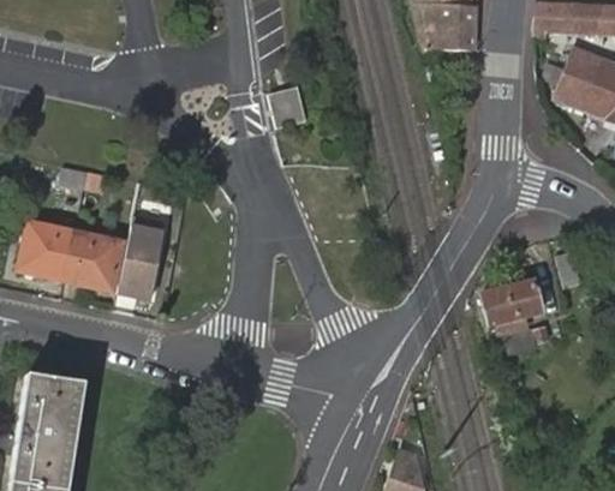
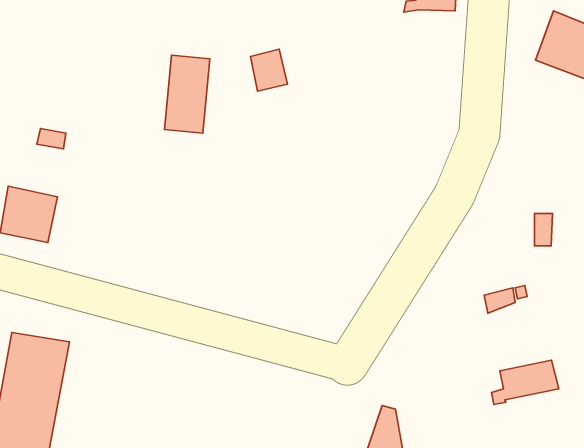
building: [126,217,172,295] -> [164,55,210,133]
building: [66,235,121,291] -> none
building: [473,280,541,324] -> [492,360,559,405]

